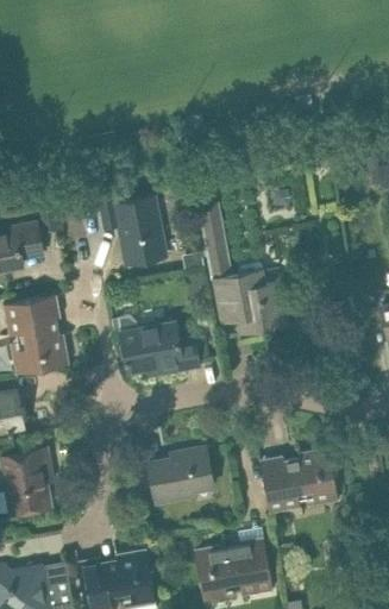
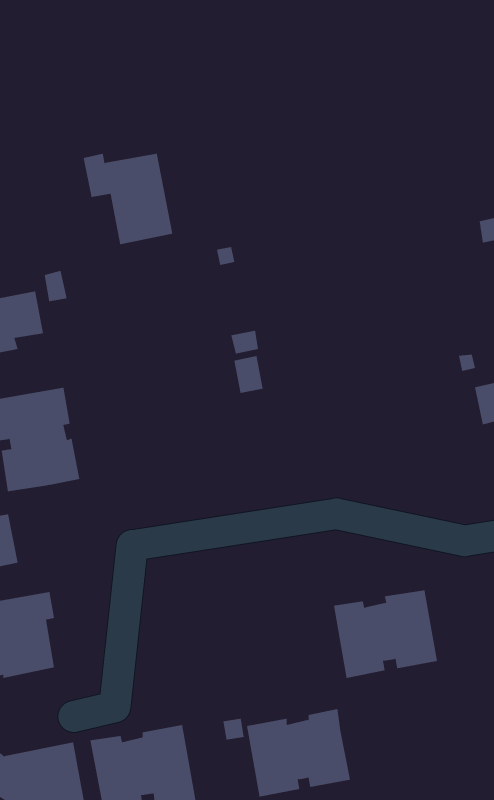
building: [98,196,165,265] -> [83,153,173,245]
building: [201,219,288,335] -> none
building: [117,316,199,373] -> none
building: [148,448,213,504] -> none

